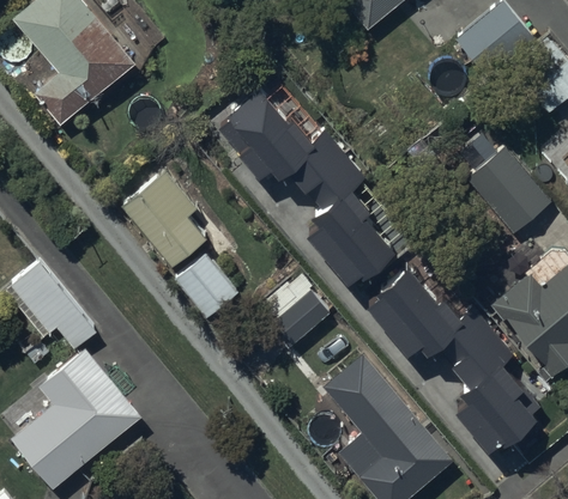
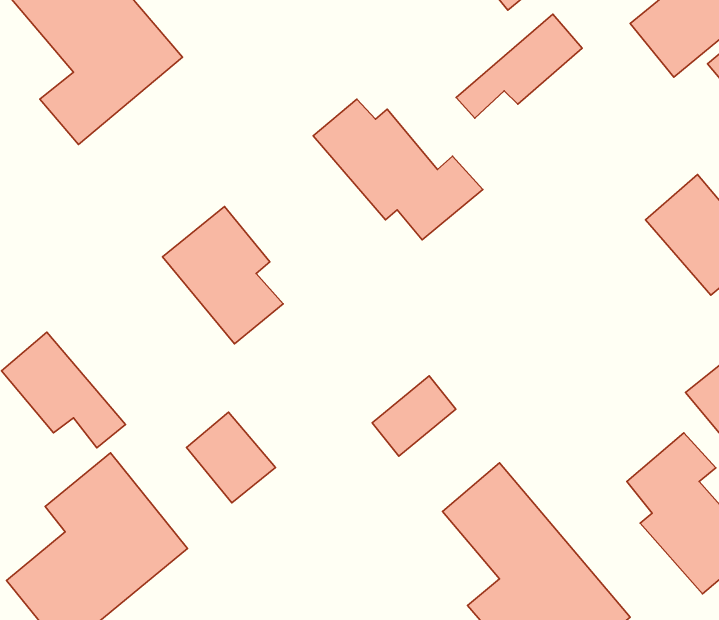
building: none -> [456,14,582,118]
building: [306,158,394,273] -> none
building: [174,254,237,318] -> [187,412,275,503]
building: [375,272,493,366] -> none

